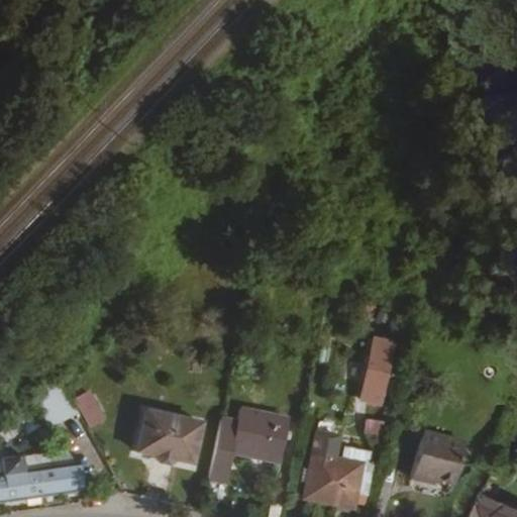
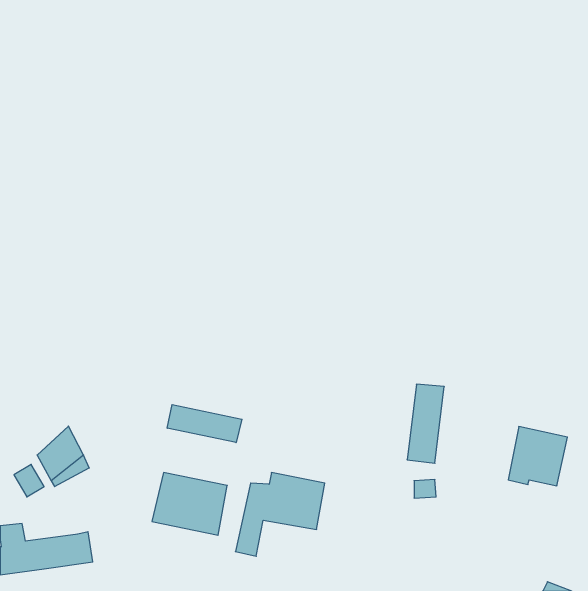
building: none -> [167,405,242,443]
building: [305,431,372,510] -> none
building: [411,431,462,483] -> [508,427,567,486]

